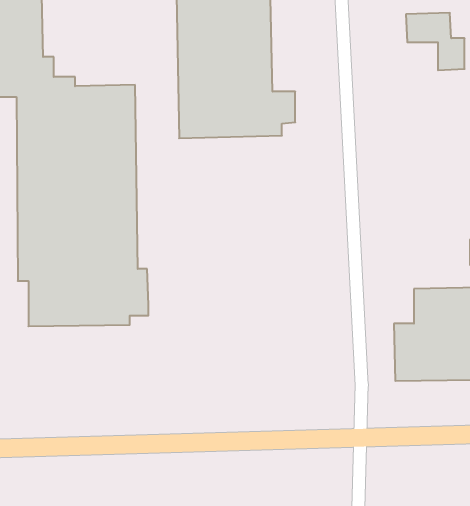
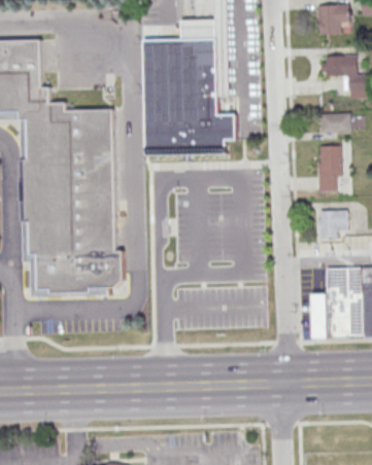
building: none -> [320,112,350,132]
building: none -> [318,144,340,190]
building: none -> [317,210,347,238]

